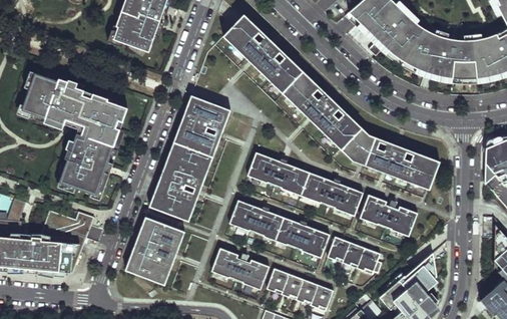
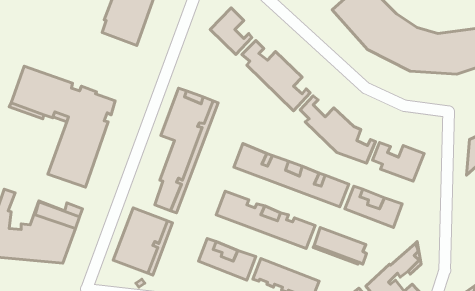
building: [248,27,290,72] -> none
building: [308,84,349,129] -> none
building: [372,137,419,178] -> none
building: [149,143,187,214] -> none

